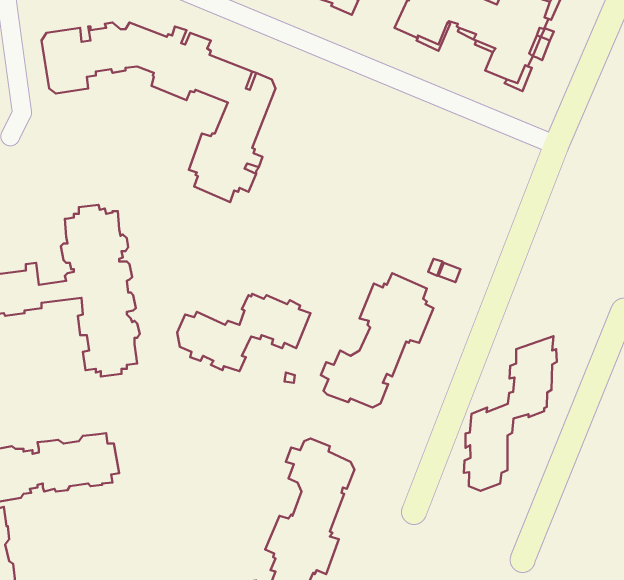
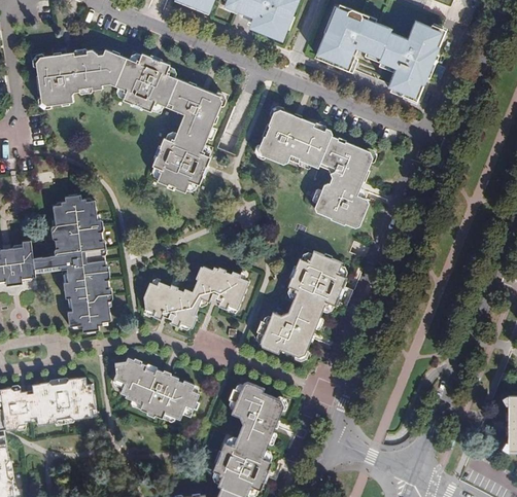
building: none -> [257,109,371,227]
building: [464,336,557,491] -> none
building: none -> [112,357,200,419]

